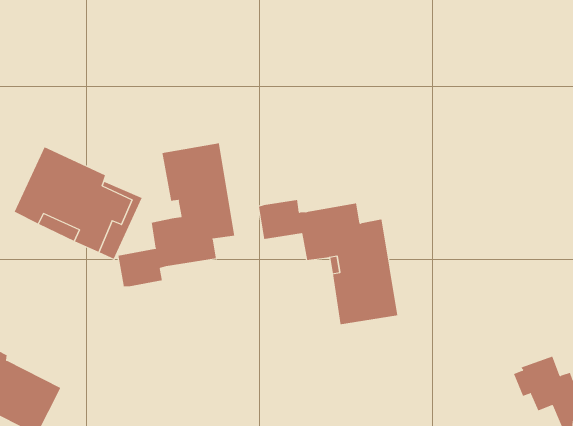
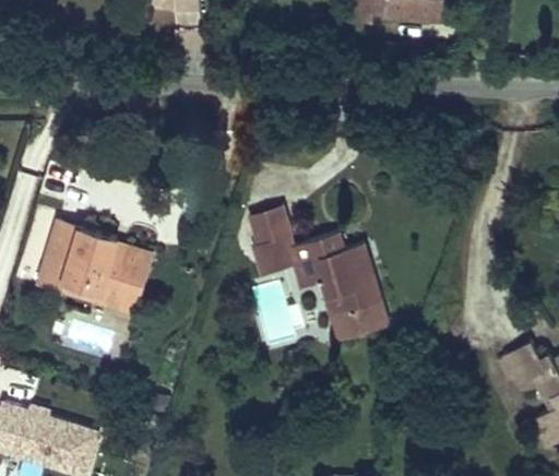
building: [118,142,235,287] -> none
building: none -> [248,205,295,247]

